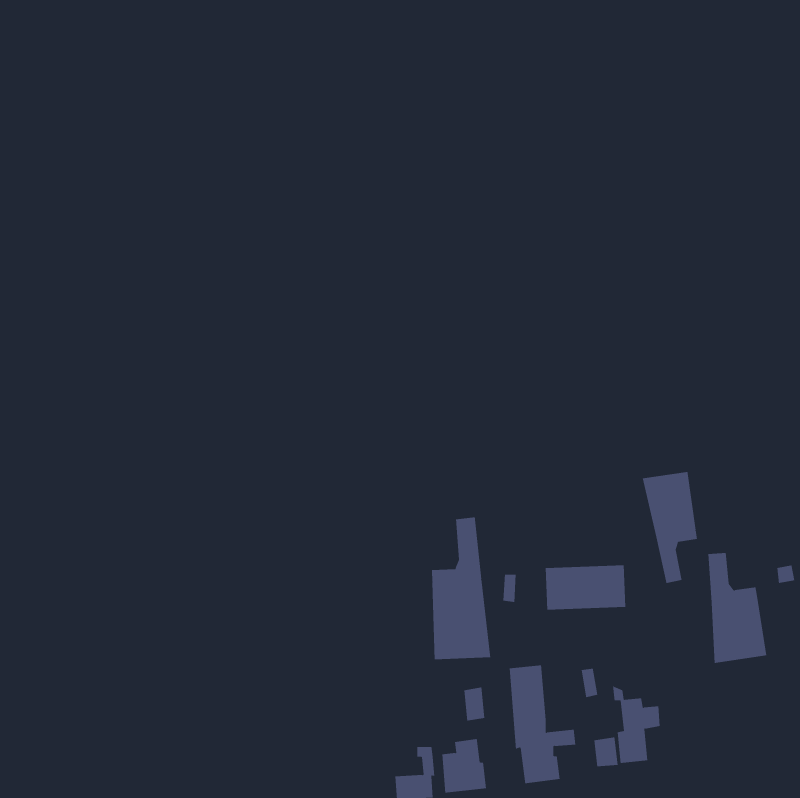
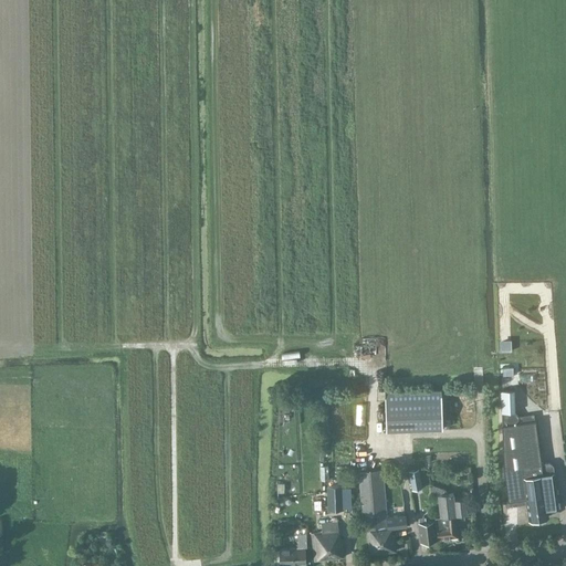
building: [642,471,697,584] -> none
building: [432,517,491,660] -> none
building: none -> [504,463,558,521]

